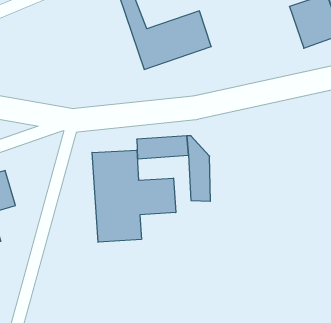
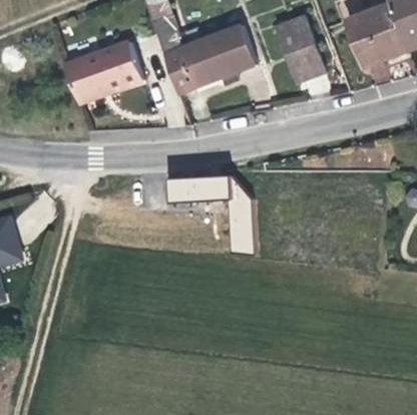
building: none -> [276,23,324,91]
building: none -> [64,37,154,100]
building: [92,150,176,242] -> none

